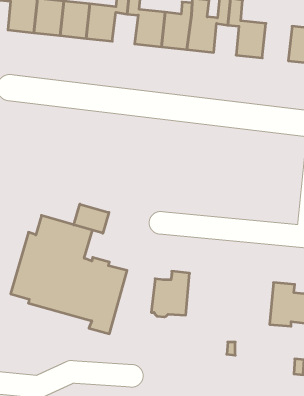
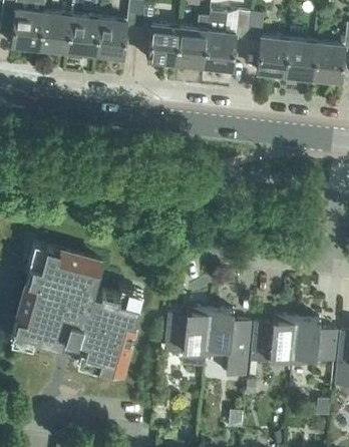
building: none -> [284,40,316,80]
building: [74,204,109,233] -> none
building: none -> [202,309,250,378]
building: none -> [251,316,296,364]

